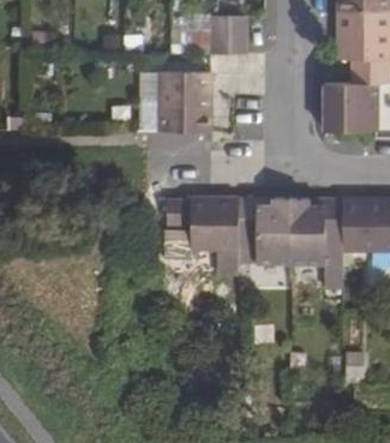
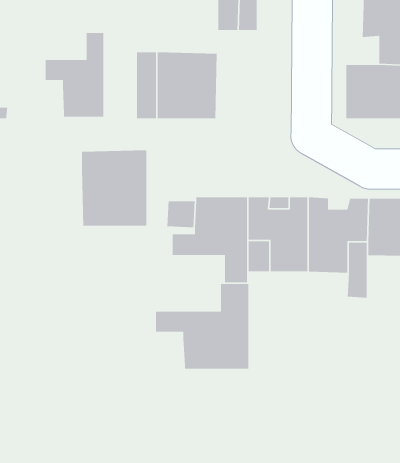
building: none -> [45,32,104,118]
building: none -> [81,149,147,226]
building: none -> [155,283,249,370]

